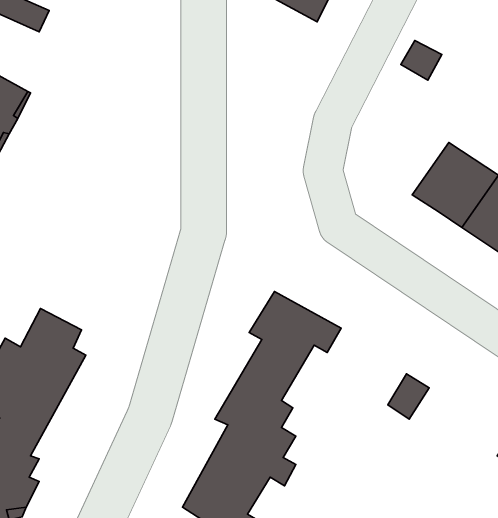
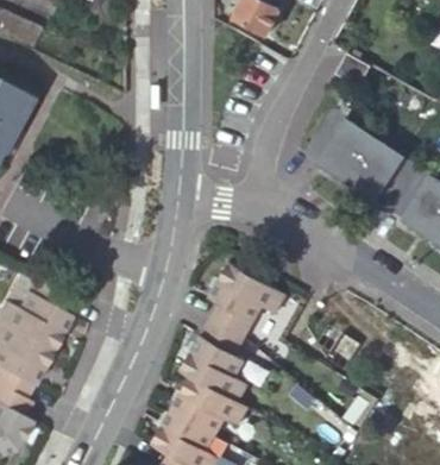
building: none -> [304,108,378,182]

